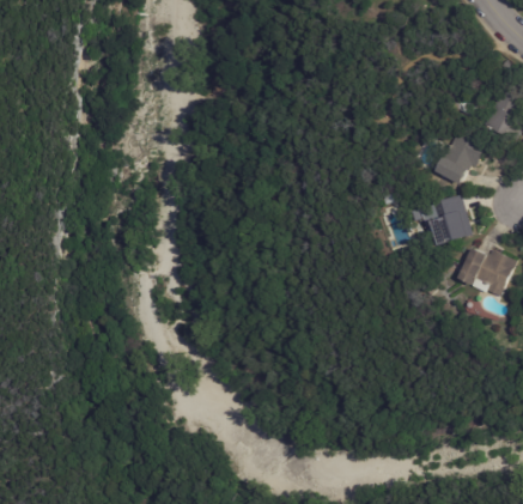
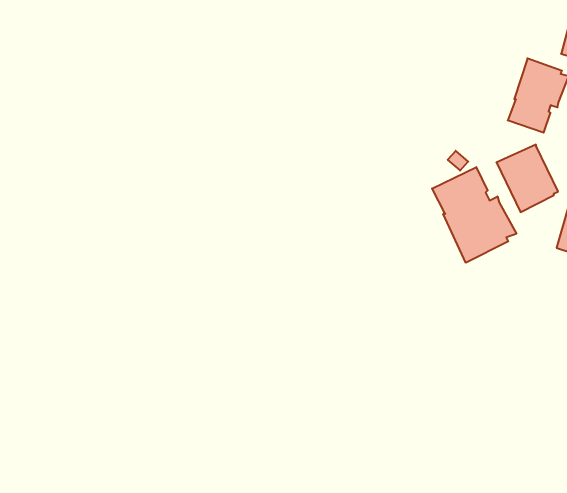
building: none -> [432,167,516,263]

